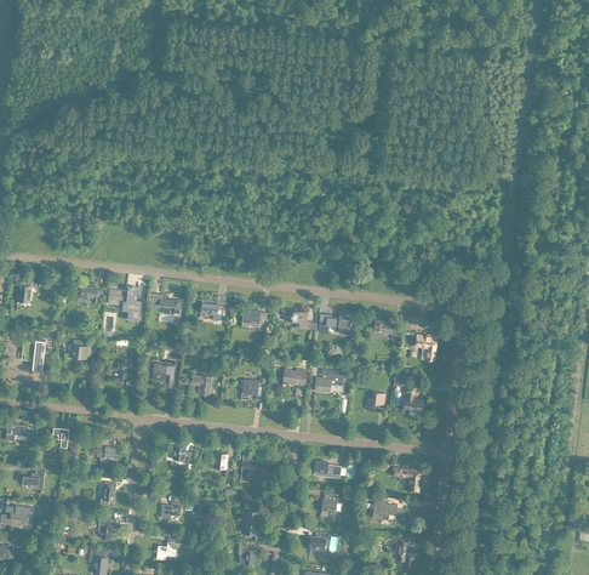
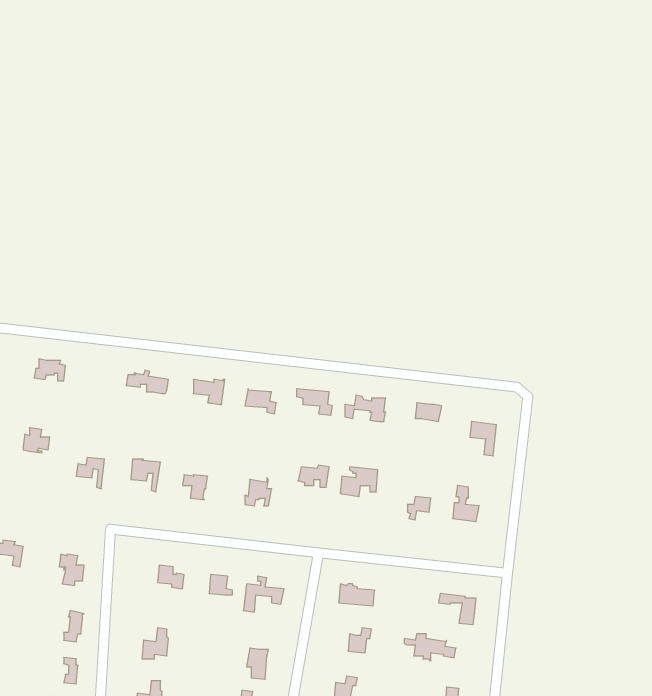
building: [107,285,141,320] -> none

